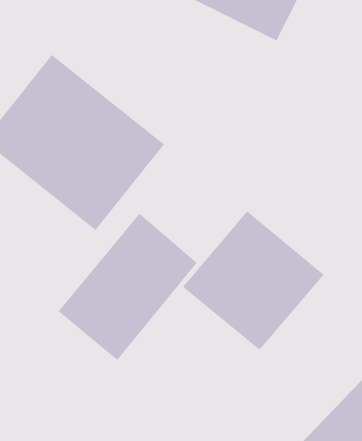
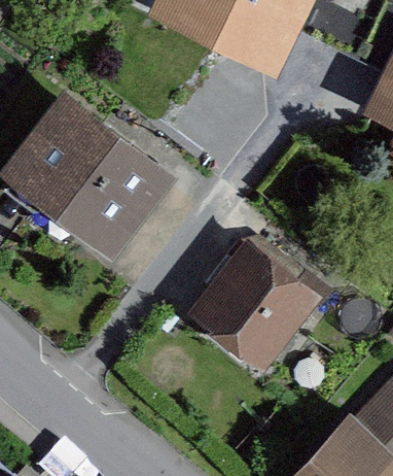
building: [58,213,198,361] -> none

